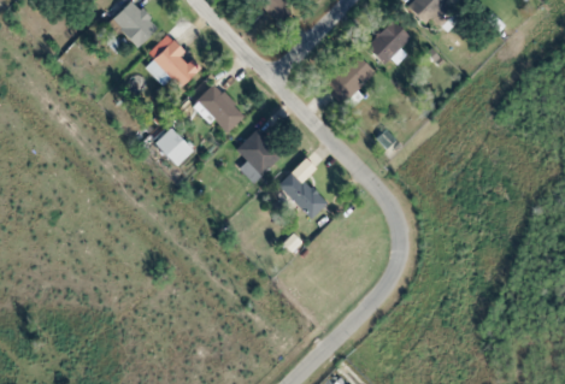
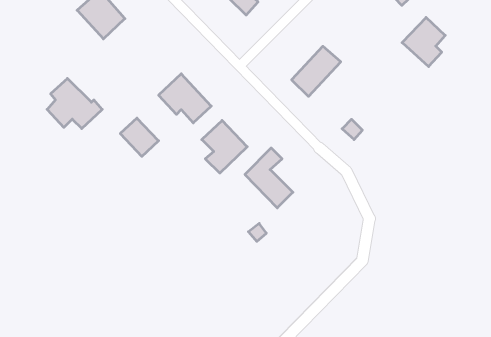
building: [369,19,412,69] -> [402,17,445,67]
building: [147,36,202,87] -> [47,78,102,129]

